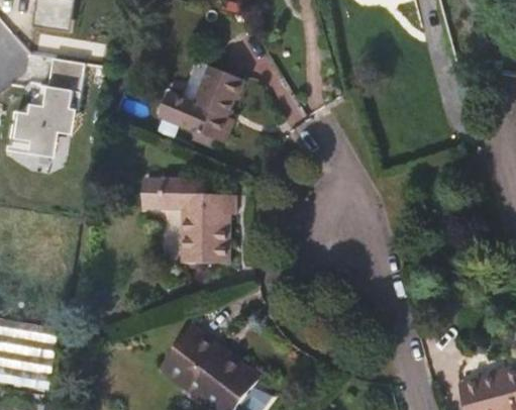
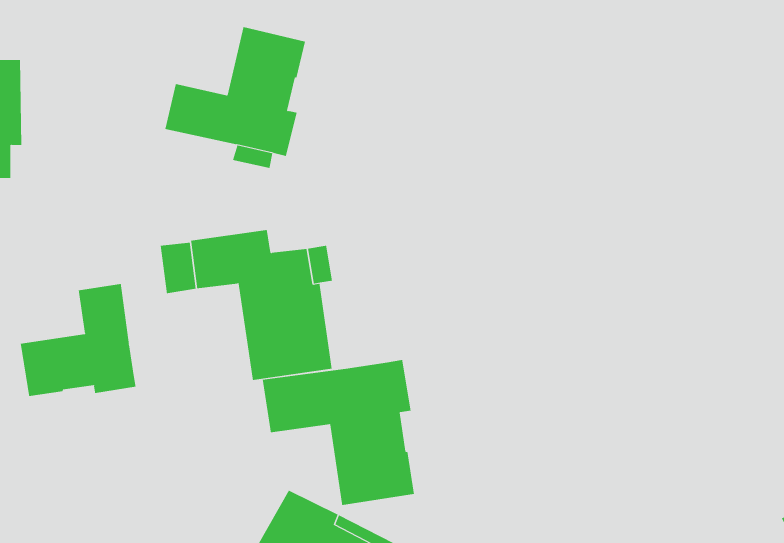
building: none -> [20,283,136,397]
building: none -> [262,359,415,506]

